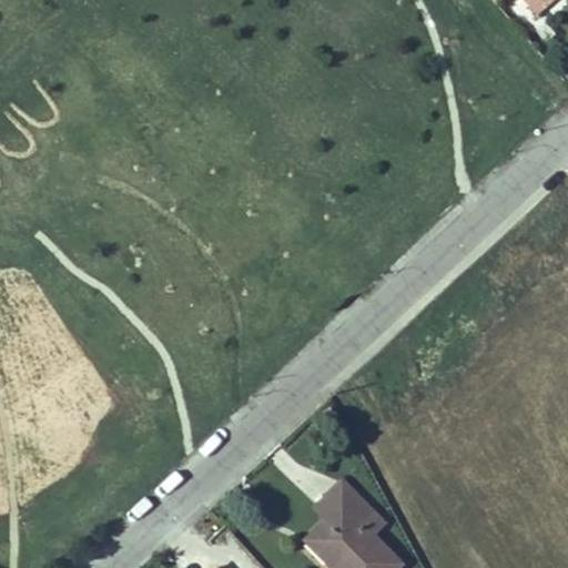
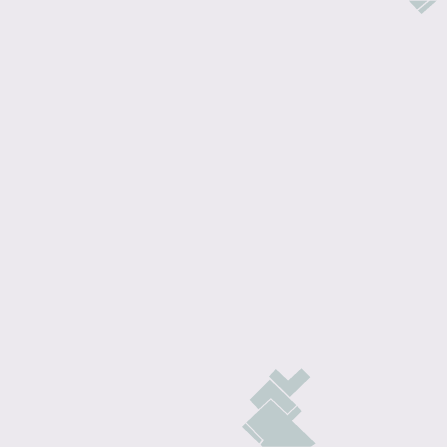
building: none -> [268,367,311,398]

